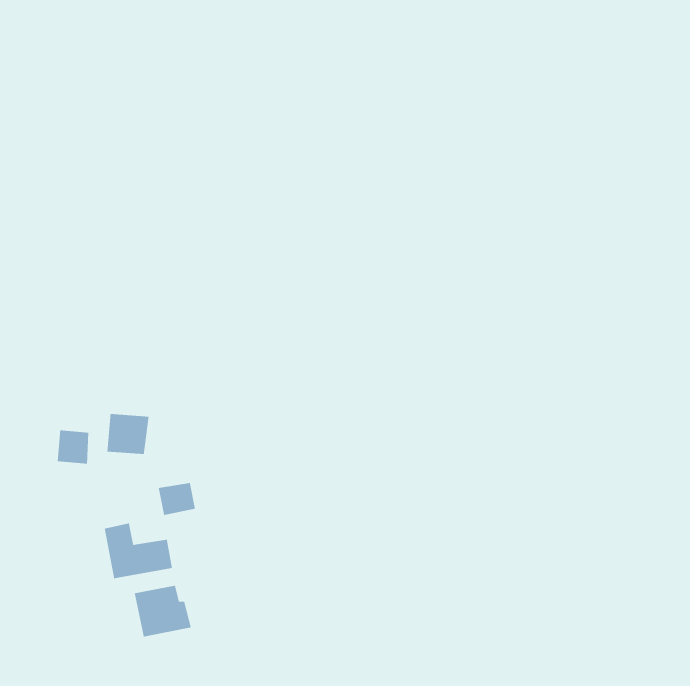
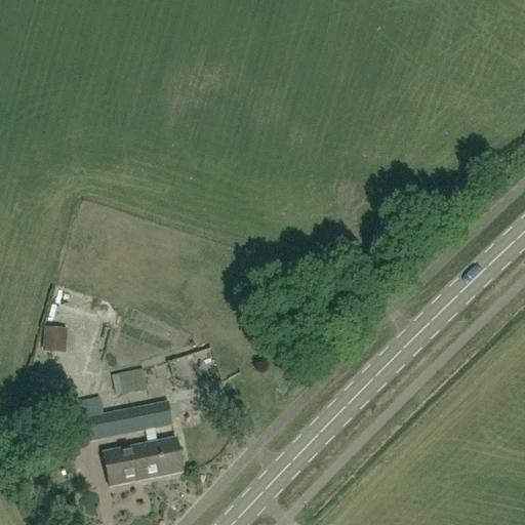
building: [106,413,150,455] -> none
building: none -> [127,401,180,477]

